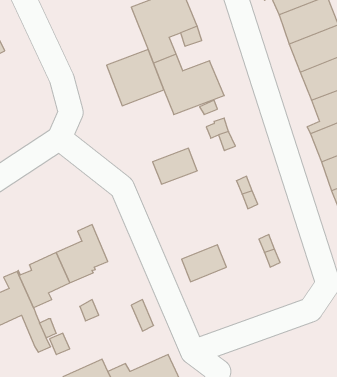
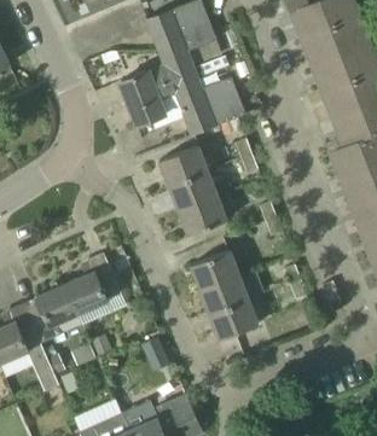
building: none -> [158,146,207,186]
building: none -> [178,196,226,236]
building: none -> [190,250,238,291]
building: none -> [209,300,257,339]

